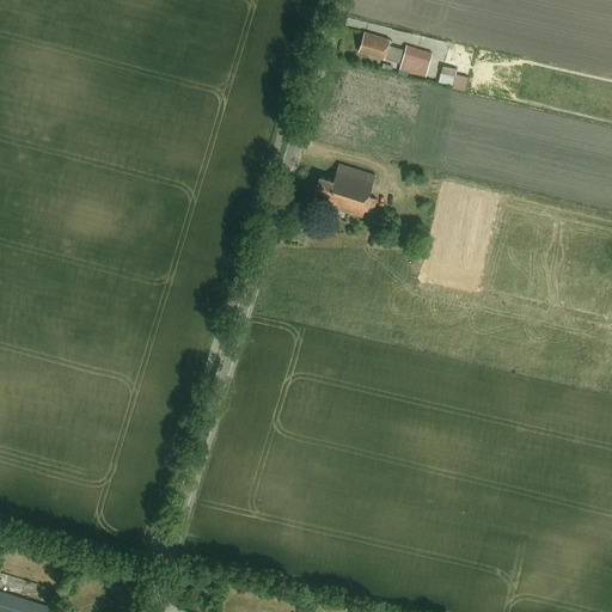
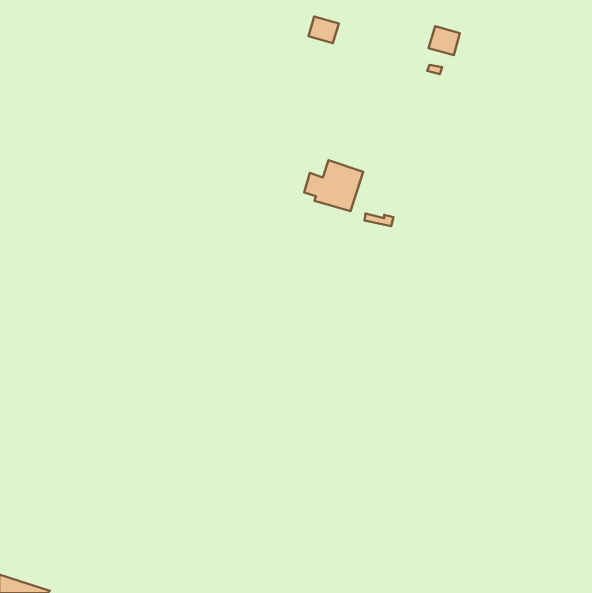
building: [359,33,390,61] -> [309,16,339,43]
building: [399,47,432,76] -> [428,26,460,55]

